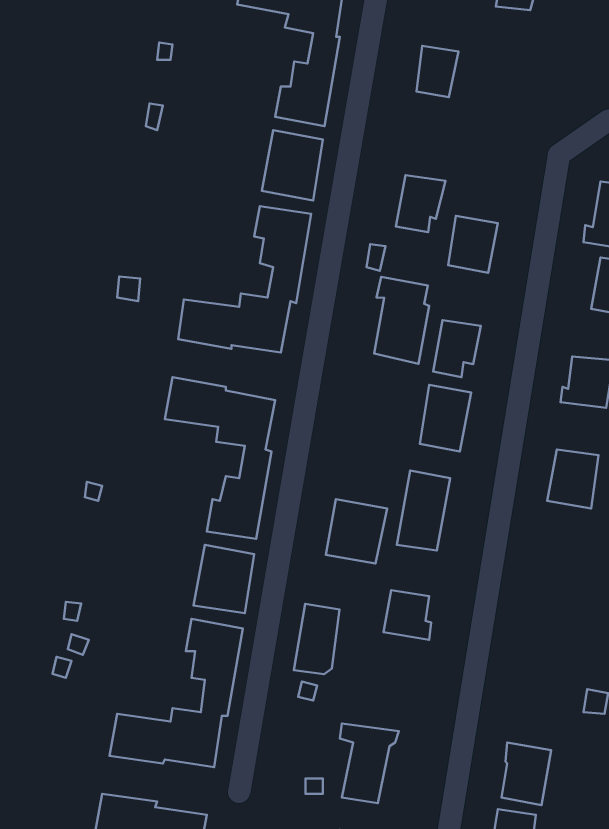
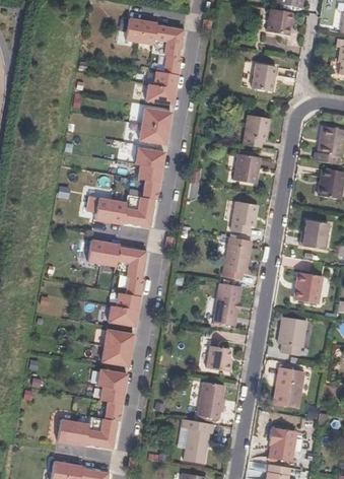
building: [417,46,458,97] -> [258,58,280,85]
building: [396,175,445,232] -> [249,111,275,141]
building: [374,277,429,364] -> none
building: [326,499,387,564] -> none
building: none -> [276,319,304,356]
building: [294,604,340,674] -> [197,383,221,420]
building: none -> [273,369,302,409]

